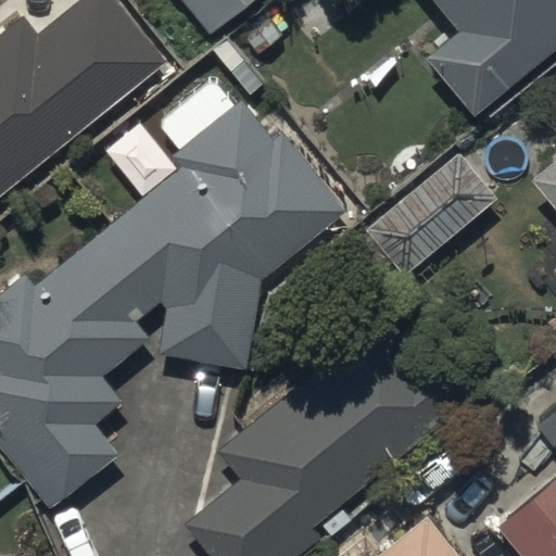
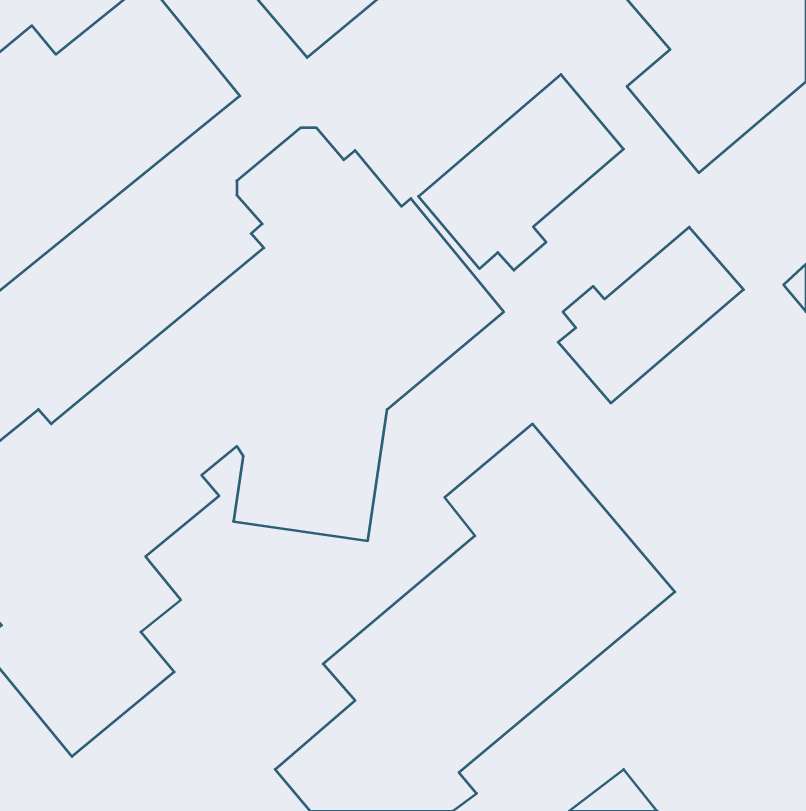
building: none -> [418,74,624,270]

